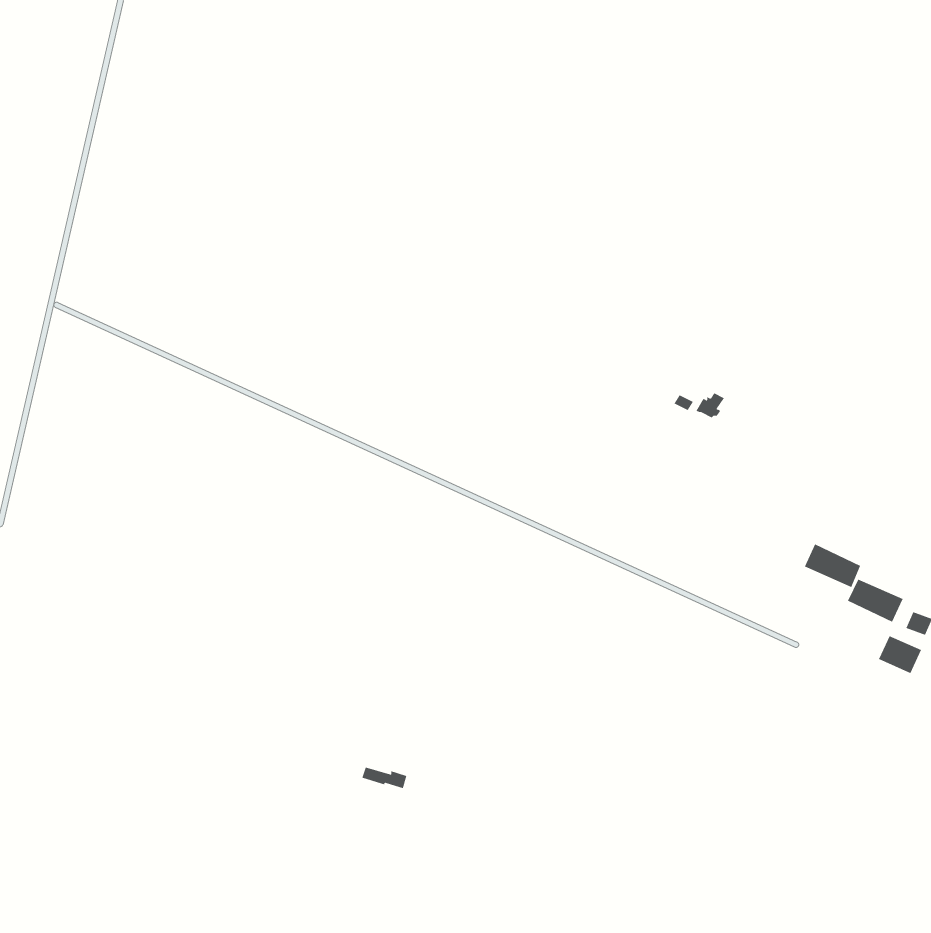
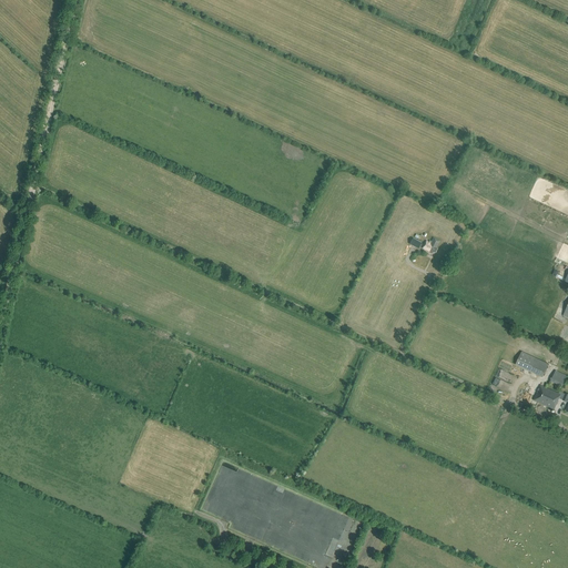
building: [804,543,861,588] -> none

